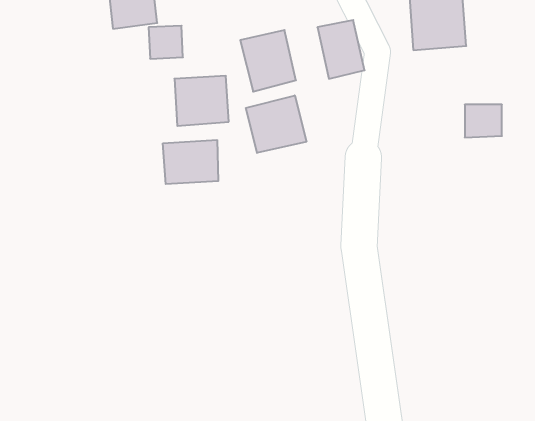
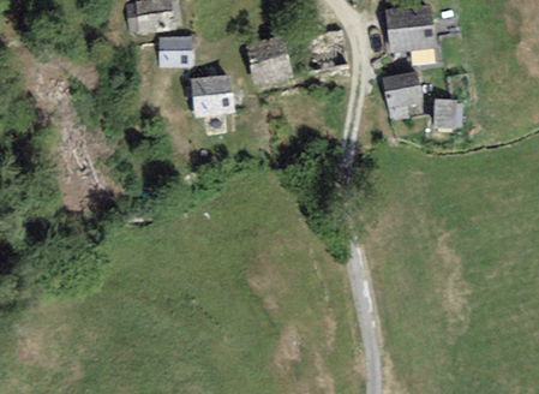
building: none -> [387,74,423,119]
building: [246,95,306,153] -> none
building: [163,140,218,184] -> none

